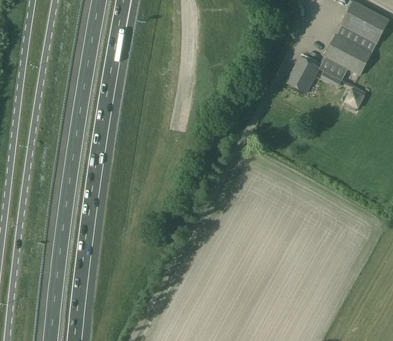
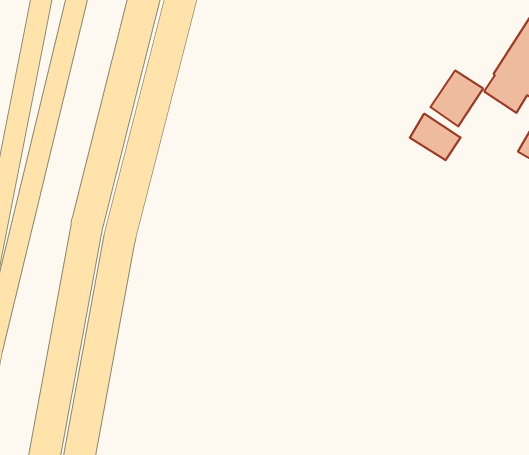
building: none -> [410,114,461,160]

